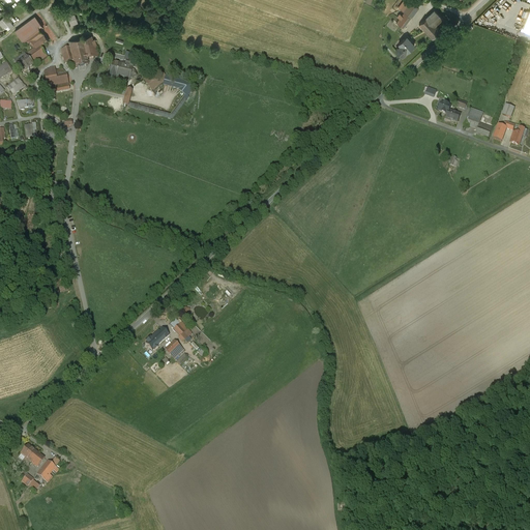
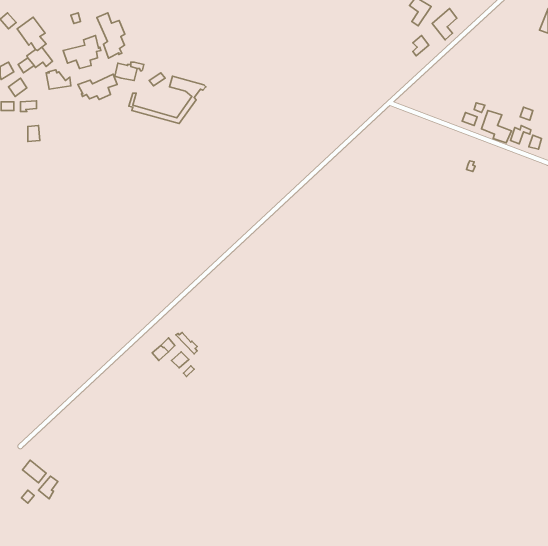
building: none -> [97,13,125,58]
building: none -> [78,74,117,100]

